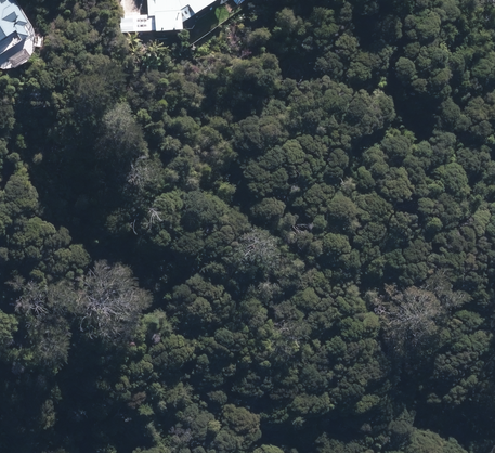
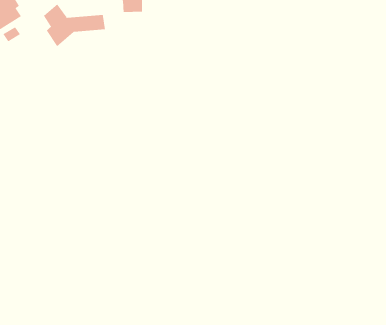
building: none -> [43,4,106,47]

